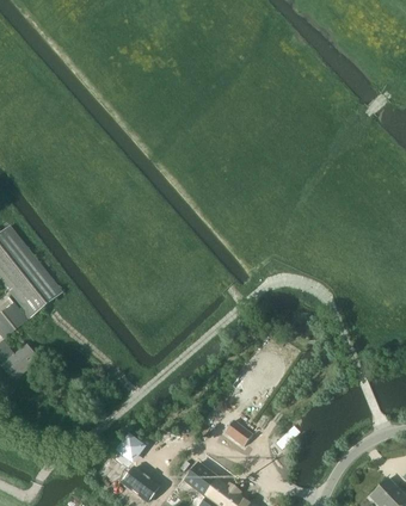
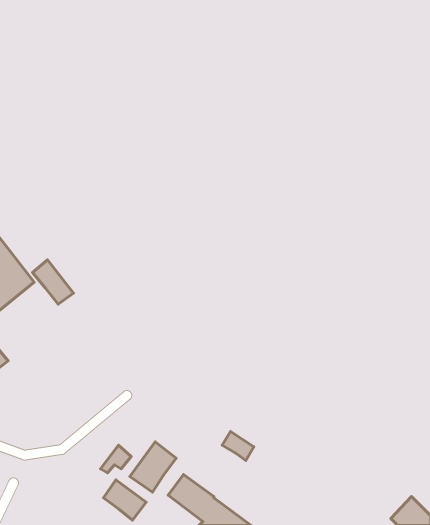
building: none -> [32,260,73,304]
building: none -> [130,442,176,492]

